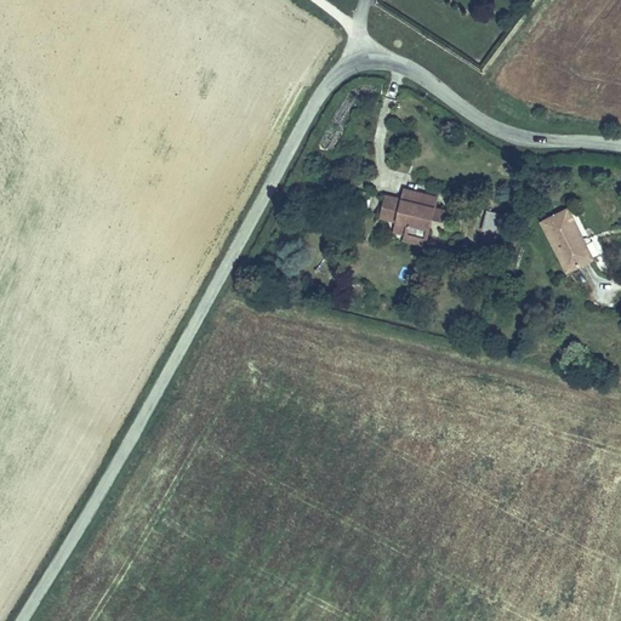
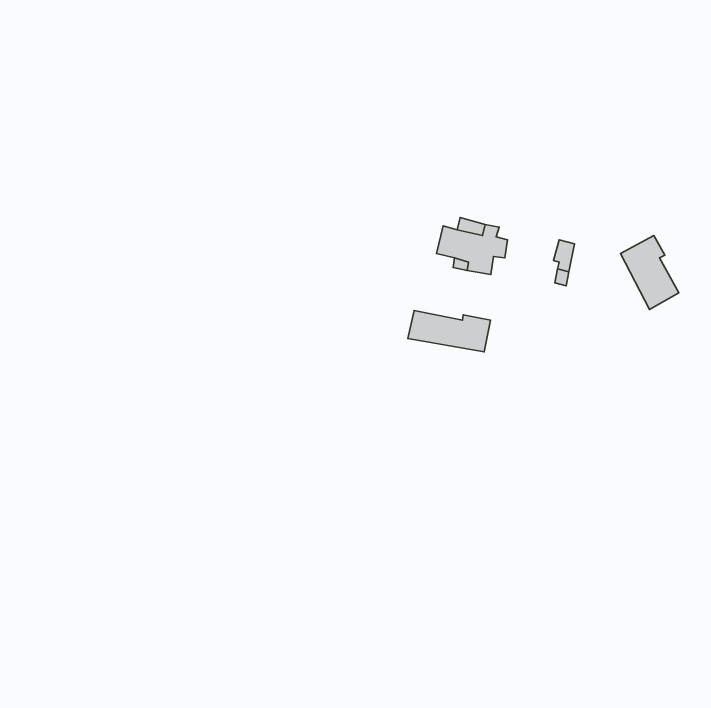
building: none -> [408,311,490,352]

